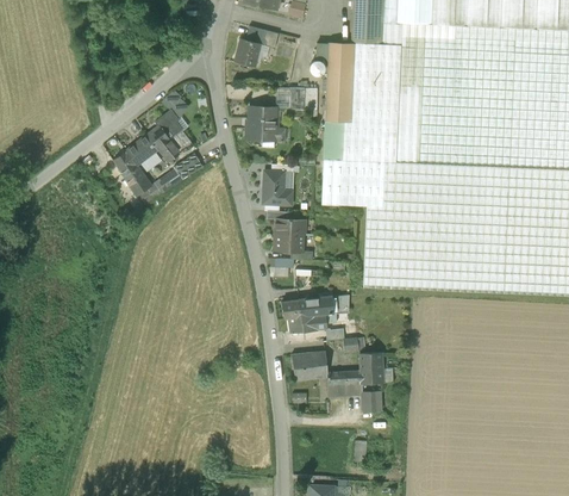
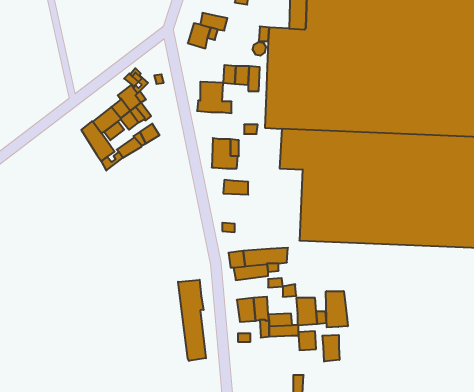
building: [321,157,343,204] -> none
building: [275,232,305,252] -> none
building: none -> [178,280,206,361]
building: none -> [326,291,348,327]
building: none -> [322,335,339,362]

